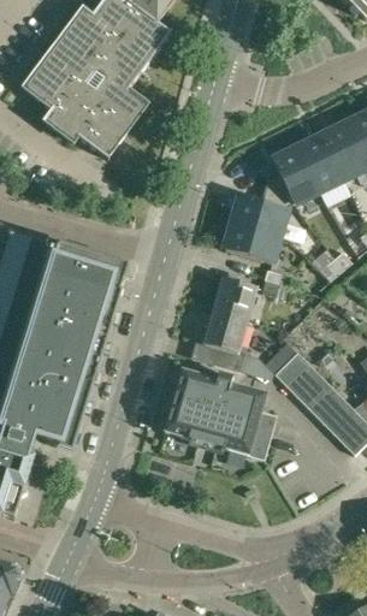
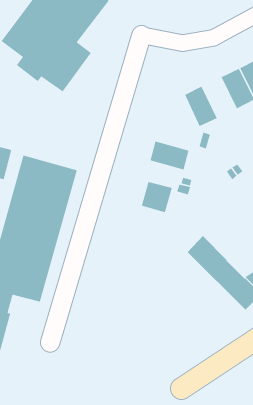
building: [295,135,342,191] -> none
building: [231,172,291,235] -> none
building: [203,310,245,368] -> none
building: [164,368,276,458] -> none

